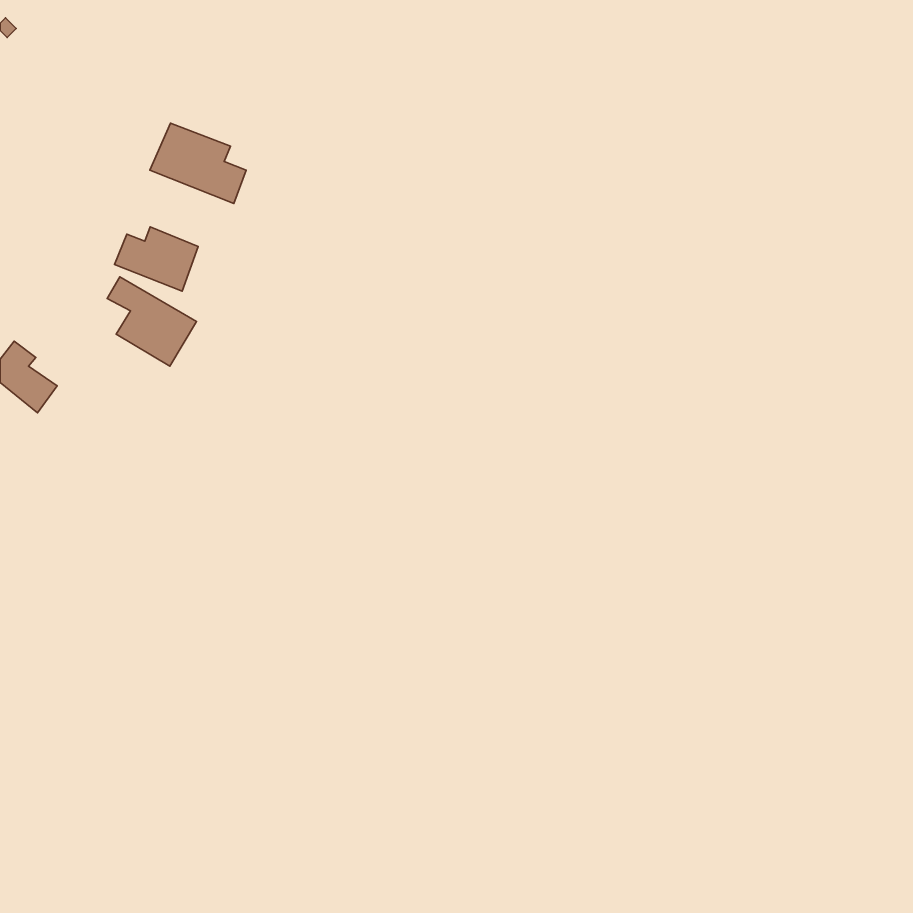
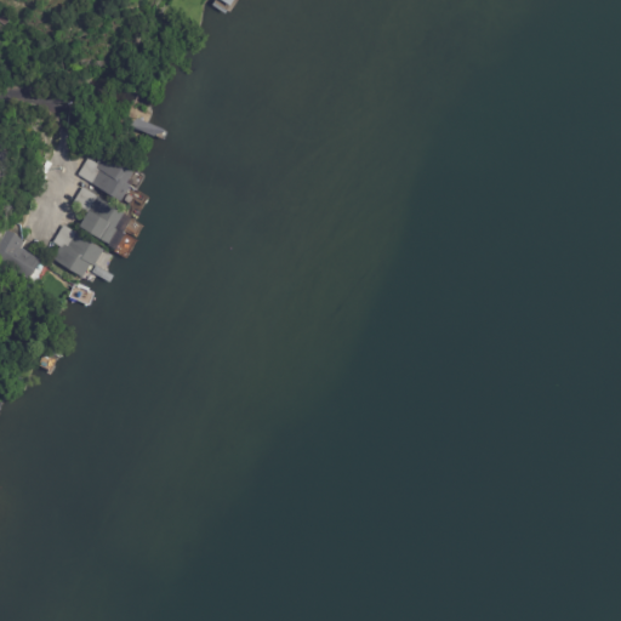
building: [150,123,246,203] -> none
building: none -> [46,226,103,280]

